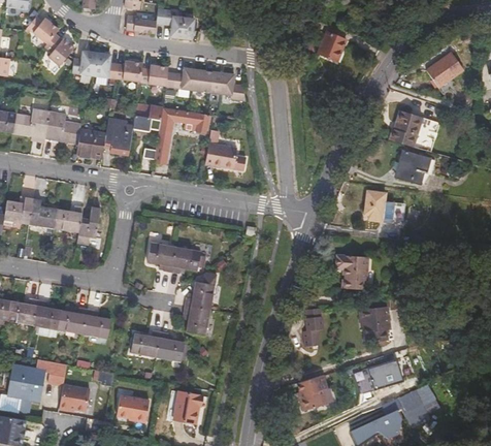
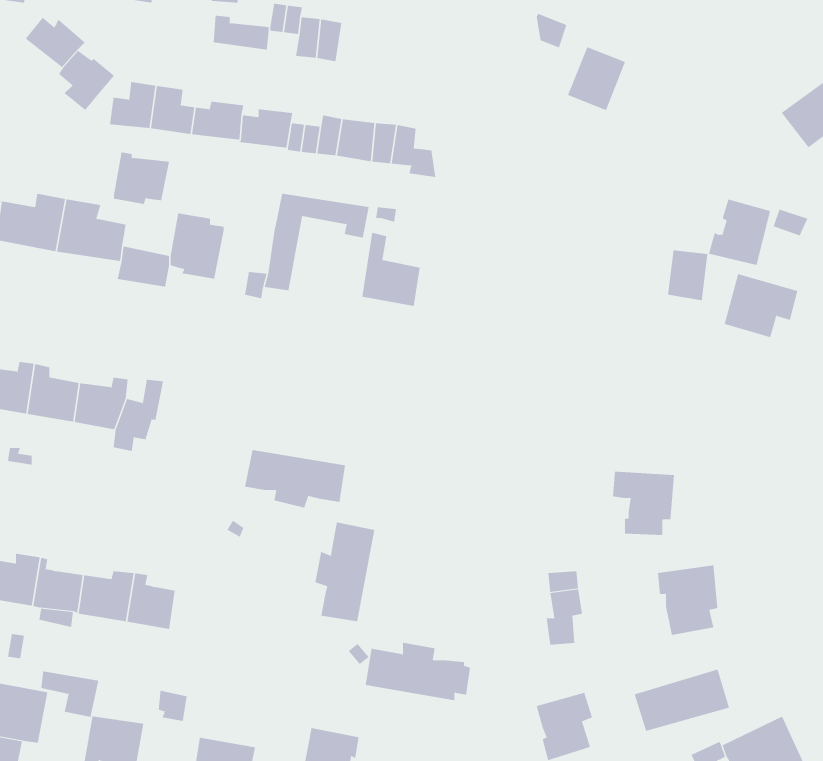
building: [134,103,164,131] -> [113,152,170,205]
building: [365,190,387,217] -> [667,250,708,301]
building: [129,330,185,361] -> [365,642,471,701]

